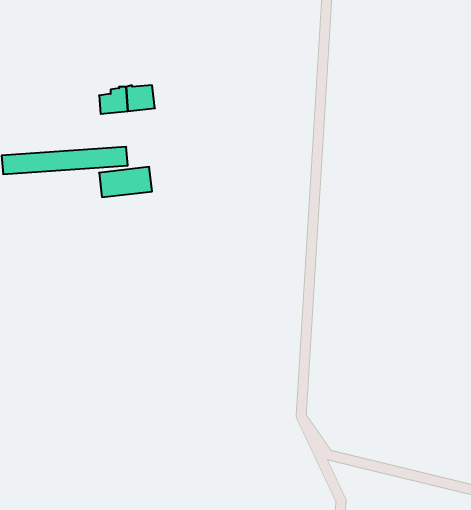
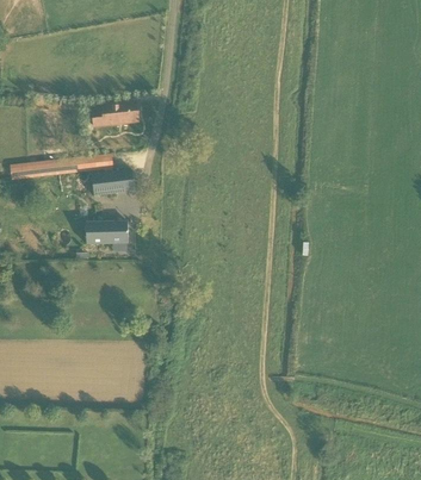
building: none -> [86,223,129,253]

